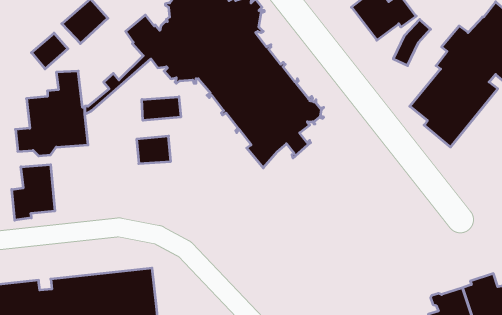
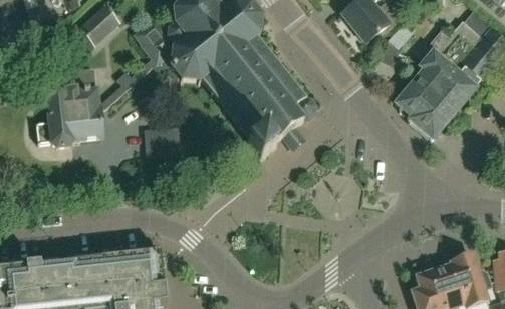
building: [31,33,68,69] -> none
building: [142,97,181,120] -> none
building: [12,165,55,220] -> none

